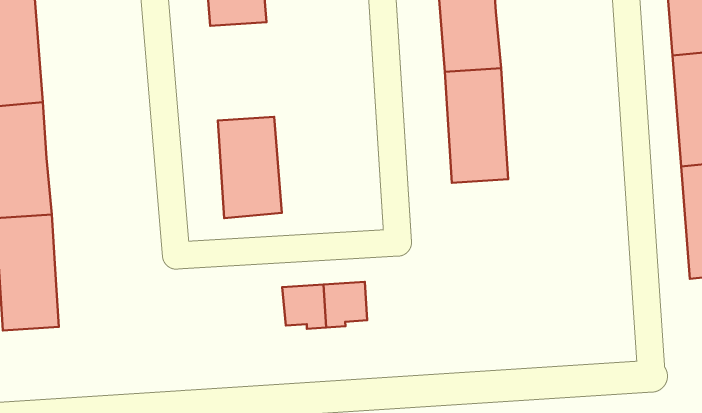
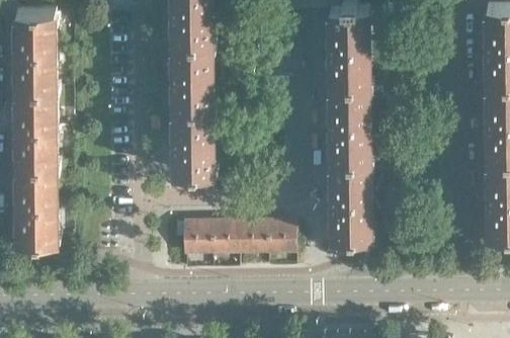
building: none -> [172,44,211,108]
building: none -> [330,161,369,239]
building: none -> [266,224,294,253]
building: none -> [181,225,210,254]

